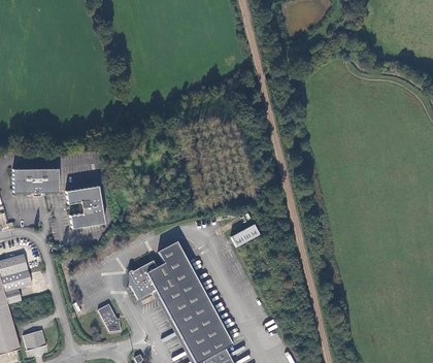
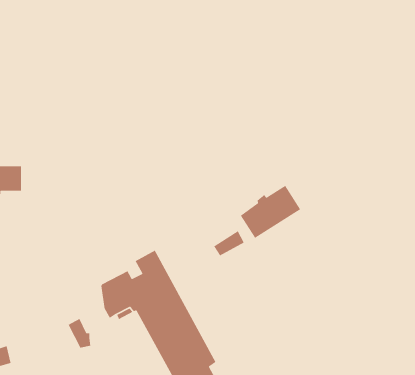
building: none -> [240,185,301,239]
building: [66,186,104,228] -> none

